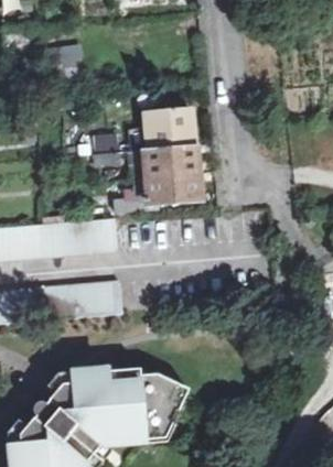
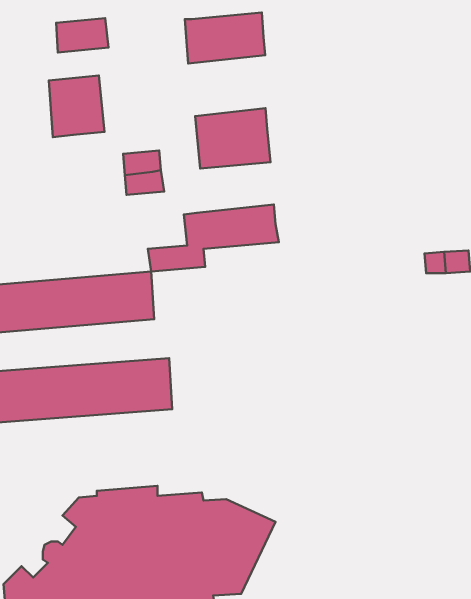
building: none -> [49,76,104,137]
building: [140,144,194,178] -> [185,13,265,63]

